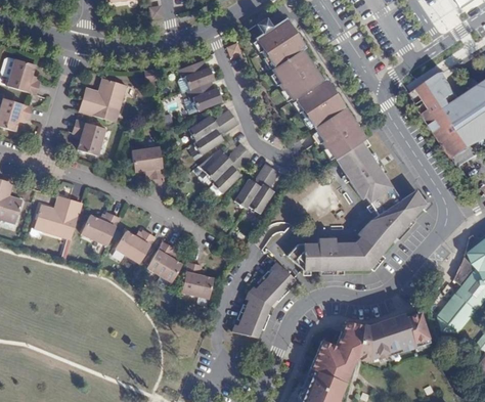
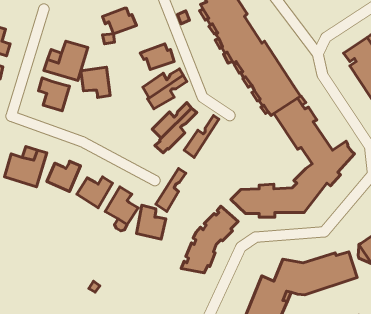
building: [179,60,217,89] -> [103,8,136,34]
building: [132,145,165,179] -> [81,67,110,97]
building: [249,165,282,213] -> [156,169,186,212]

